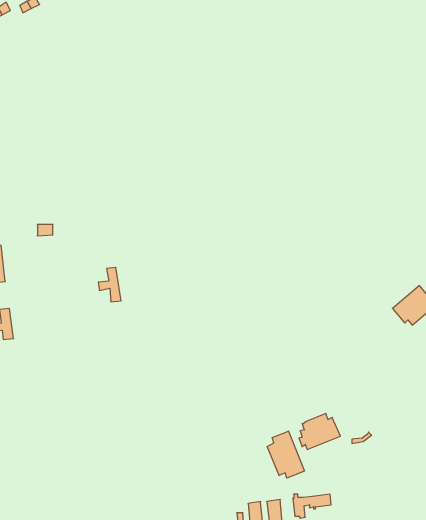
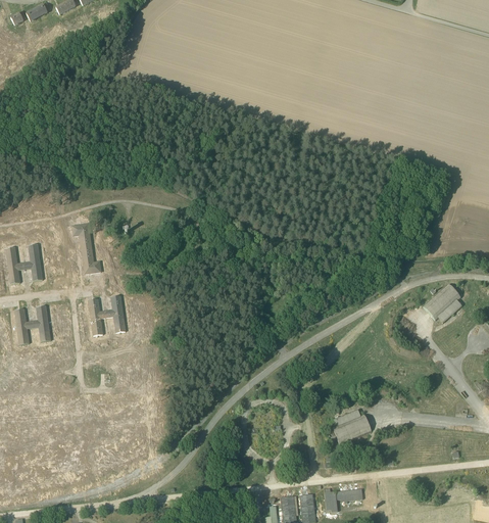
building: [98,268,121,302] -> [102,296,125,330]
building: [267,431,305,478] -> none

